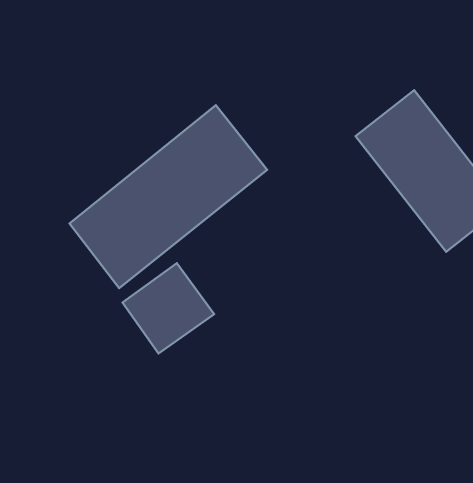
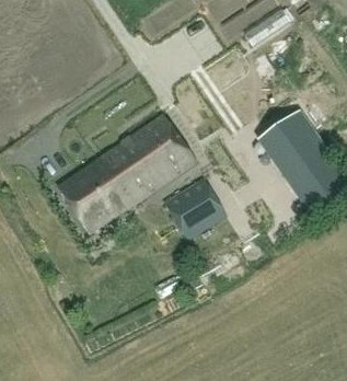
building: [123,263,214,354] -> [167,177,229,238]

